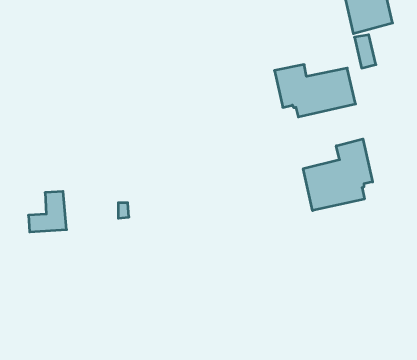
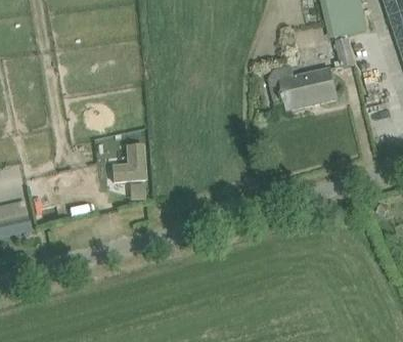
building: [303,139,373,211] -> none
building: [28,191,67,232] -> [111,145,144,180]

